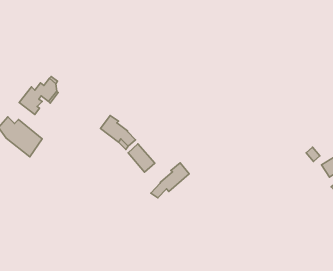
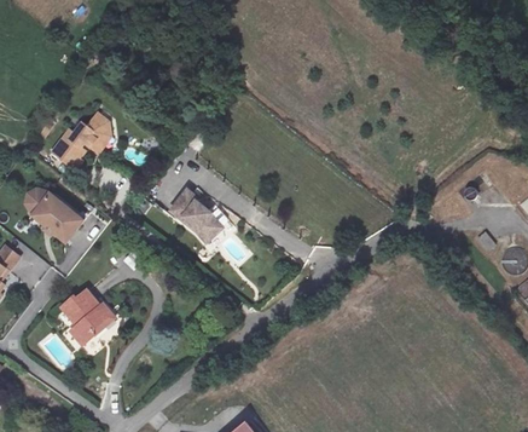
building: [151,163,189,198] -> none
building: none -> [50,290,103,349]

